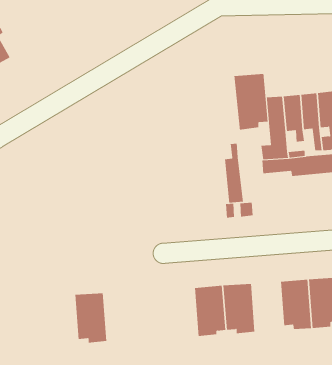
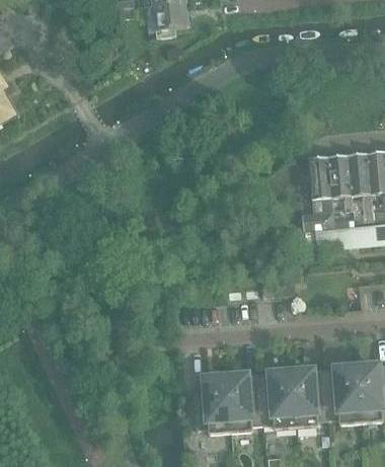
building: [234,73,268,130] -> none
building: [224,143,243,204] -> none
building: none -> [291,368,327,425]
building: [74,293,107,343] -> [191,375,229,433]

